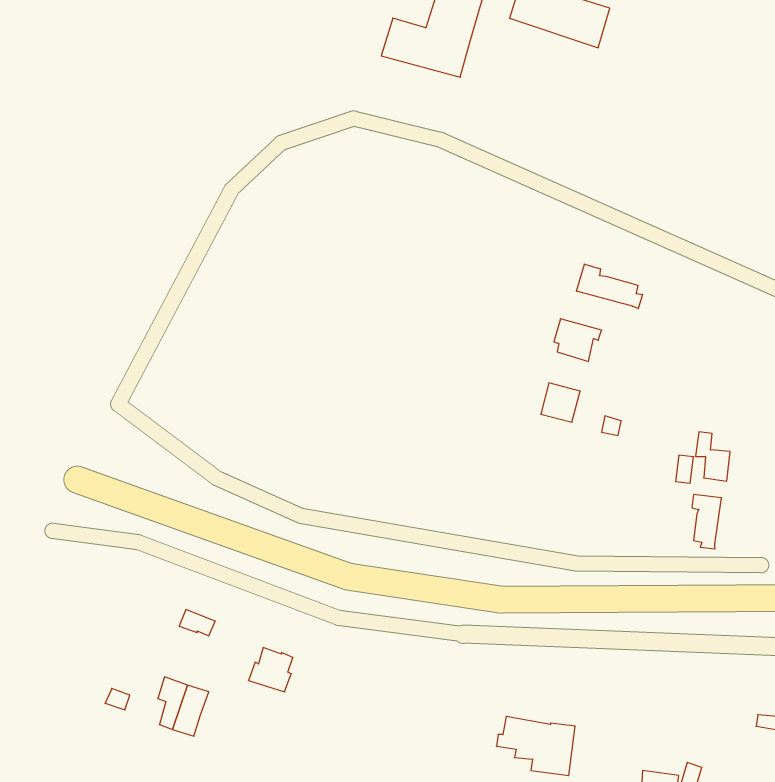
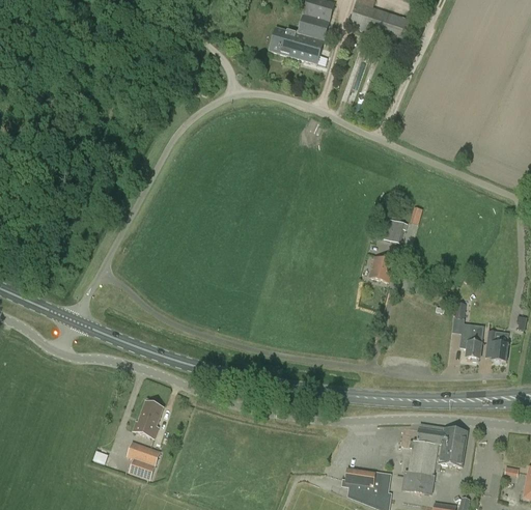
building: [576,264,643,309] -> none
building: [696,432,730,481] -> [486,330,508,361]
building: [248,648,293,692] -> [132,409,160,437]
building: none -> [402,424,468,493]

